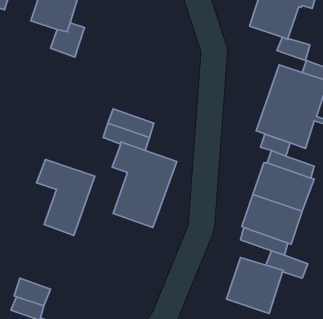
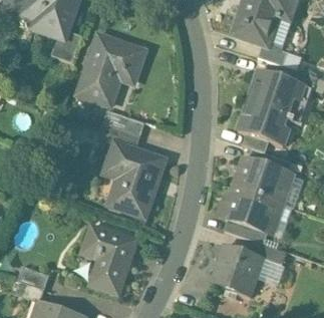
building: none -> [77,34,144,106]
building: [37,160,95,236] -> [83,226,136,295]

